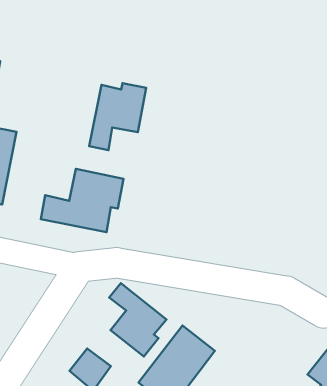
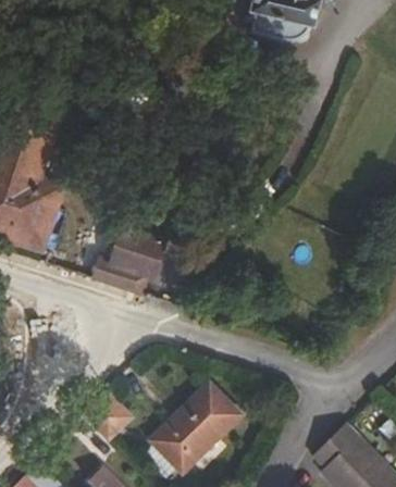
building: [89,83,146,150] -> none
building: [109,283,166,356] -> none

